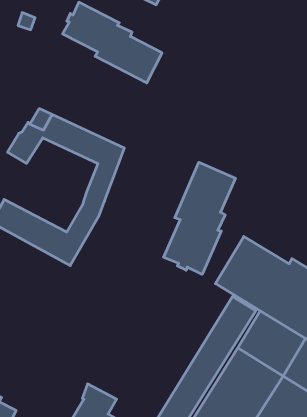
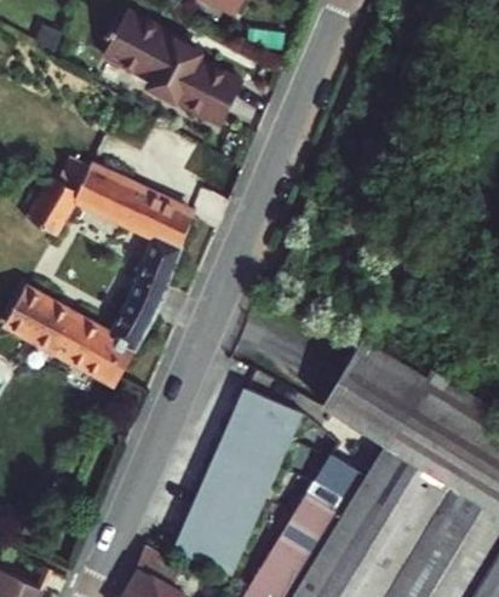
building: [164,162,235,274] -> none
building: none -> [173,392,298,576]

